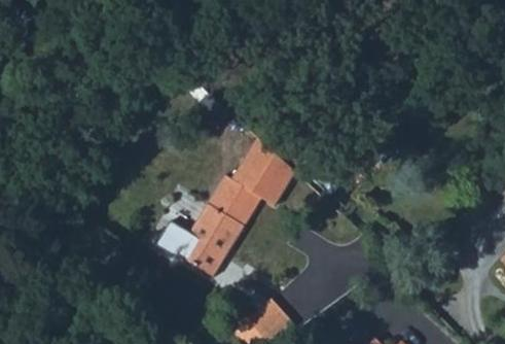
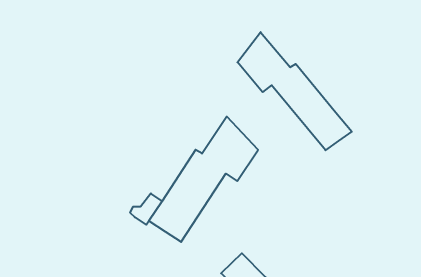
building: none -> [237,32,352,150]

